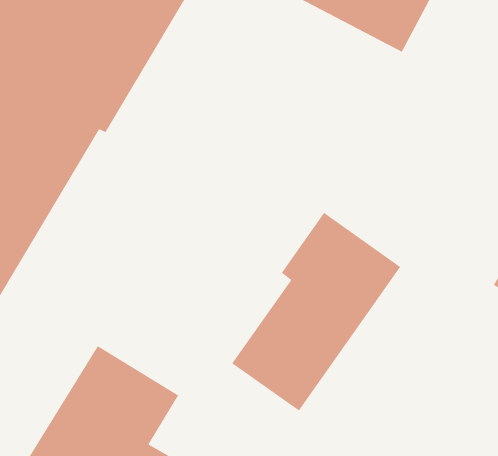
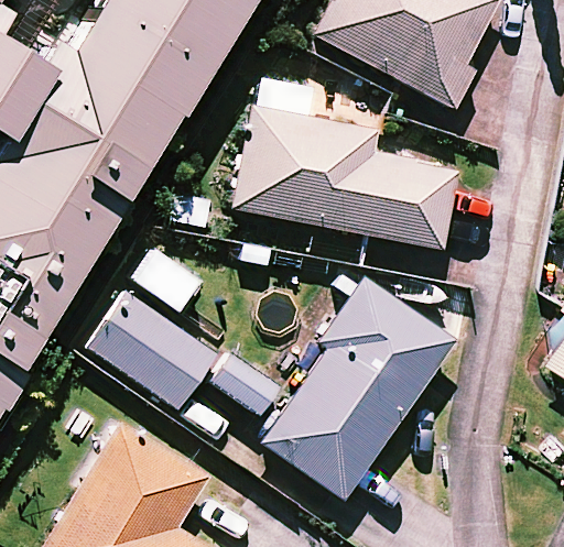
building: none -> [235,78,456,248]
building: none -> [89,281,280,414]

